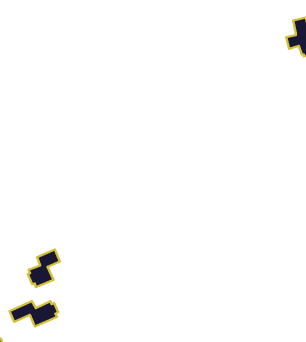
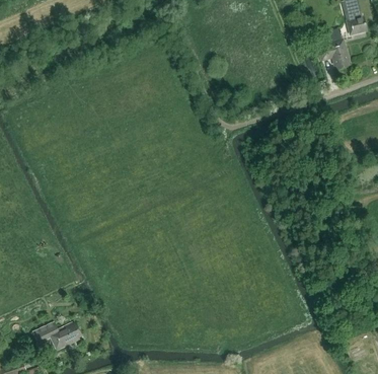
building: [28,250,60,287] -> none

